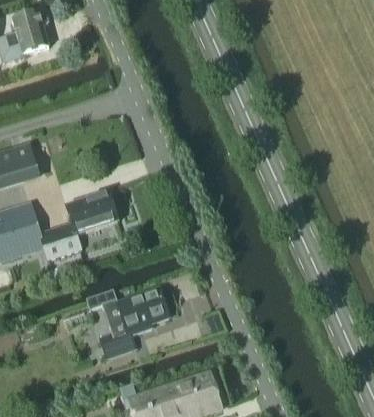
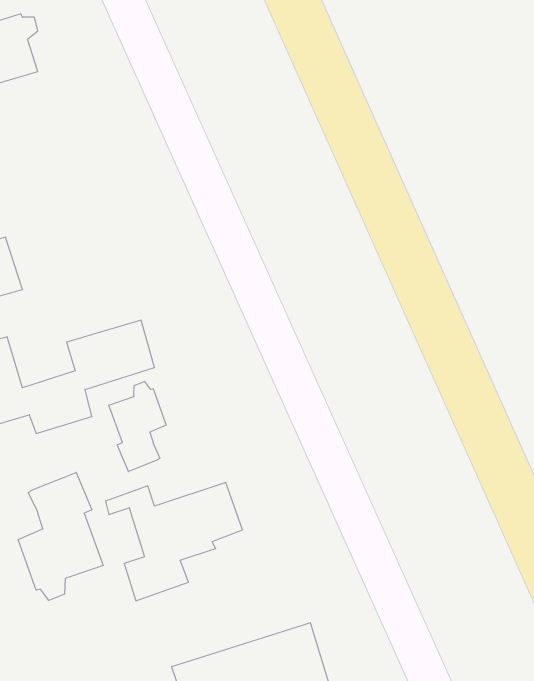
building: none -> [109,381,166,472]
building: none -> [18,472,103,600]

